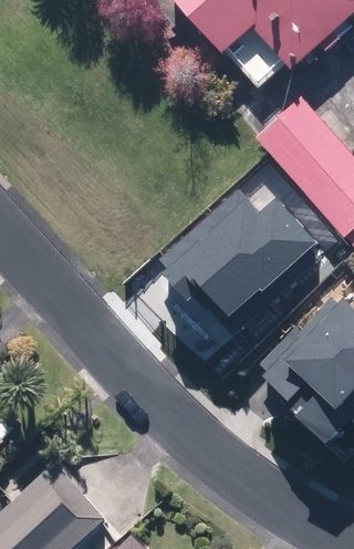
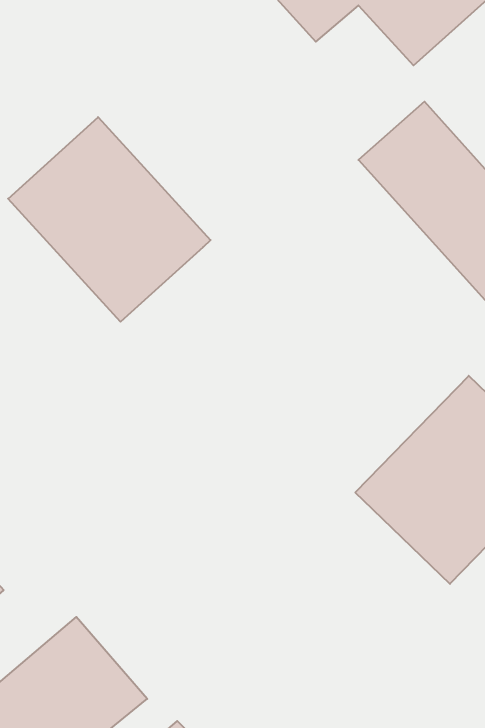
building: none -> [8,117,211,322]
building: [160,188,316,317] -> none

